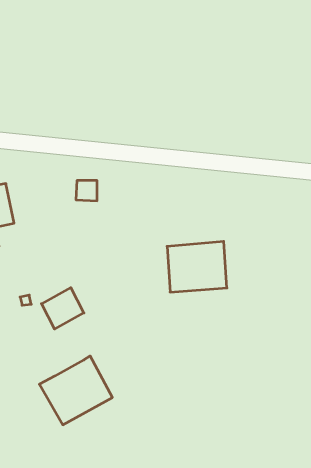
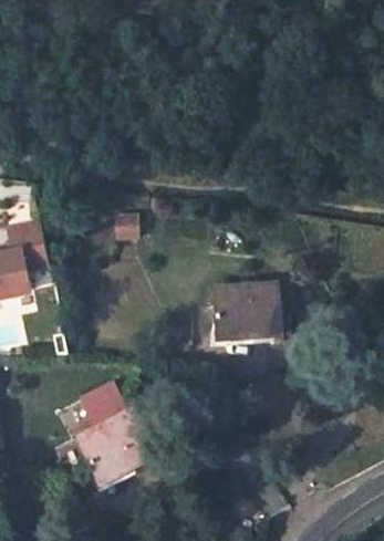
building: [41,288,84,329] -> [77,386,124,431]

